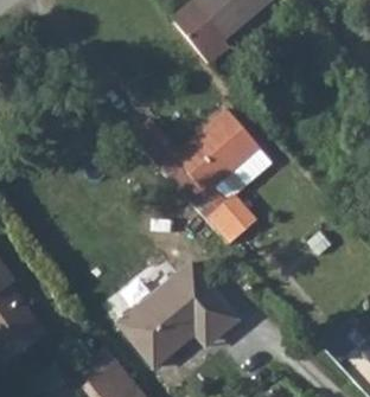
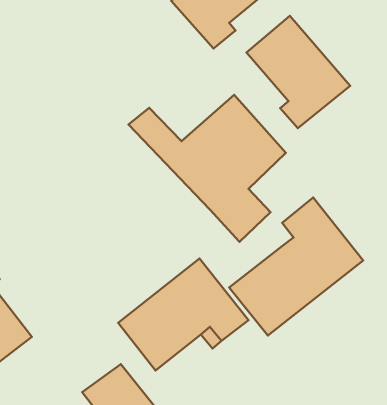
building: none -> [246,16,350,128]
building: none -> [229,198,363,336]

